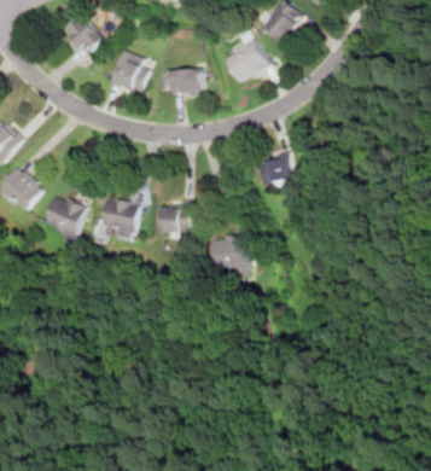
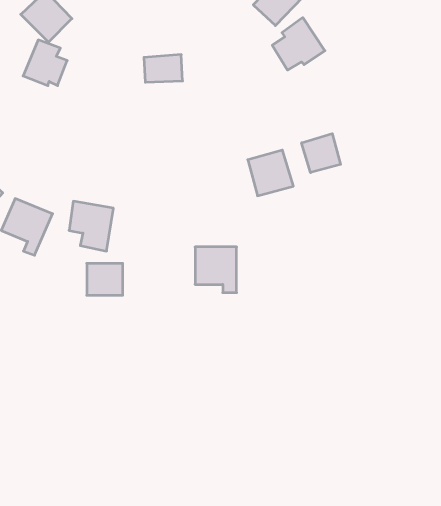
building: [225,35,270,81] -> [272,18,325,70]
building: [109,51,147,91] -> [23,40,67,86]
building: none -> [302,134,341,173]
building: [159,204,191,232] -> [87,263,123,295]

